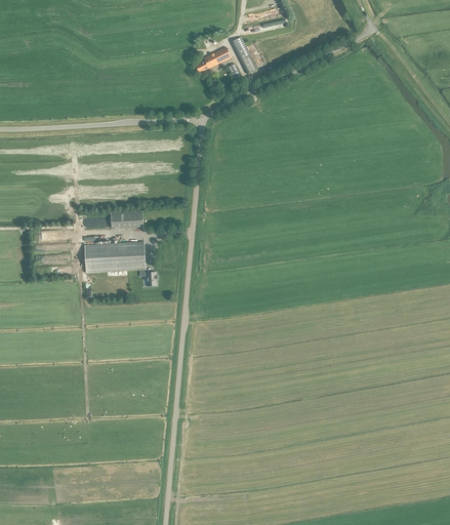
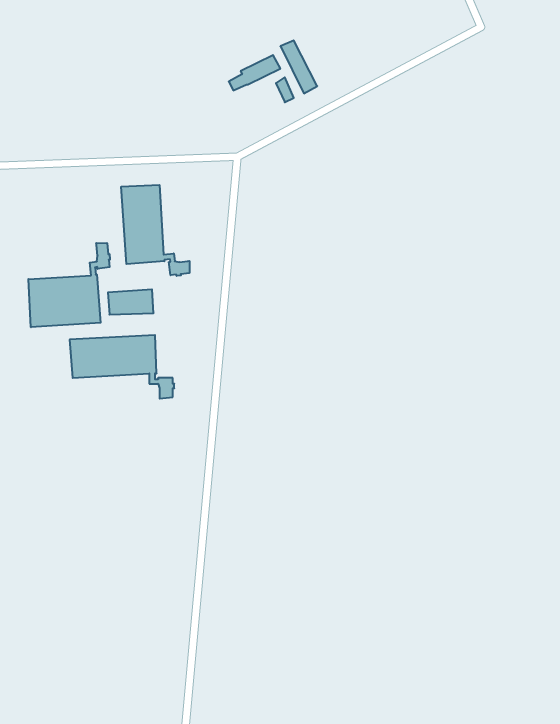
building: none -> [121,185,189,276]
building: none -> [28,243,110,327]

